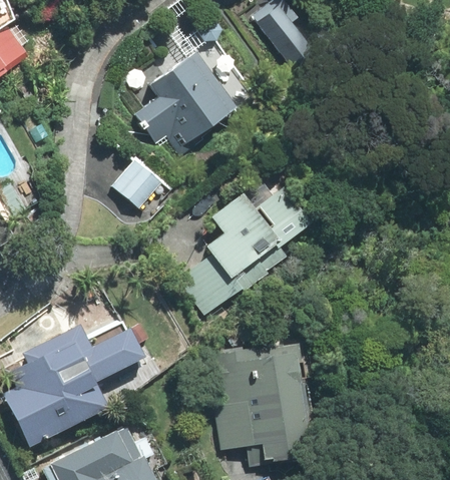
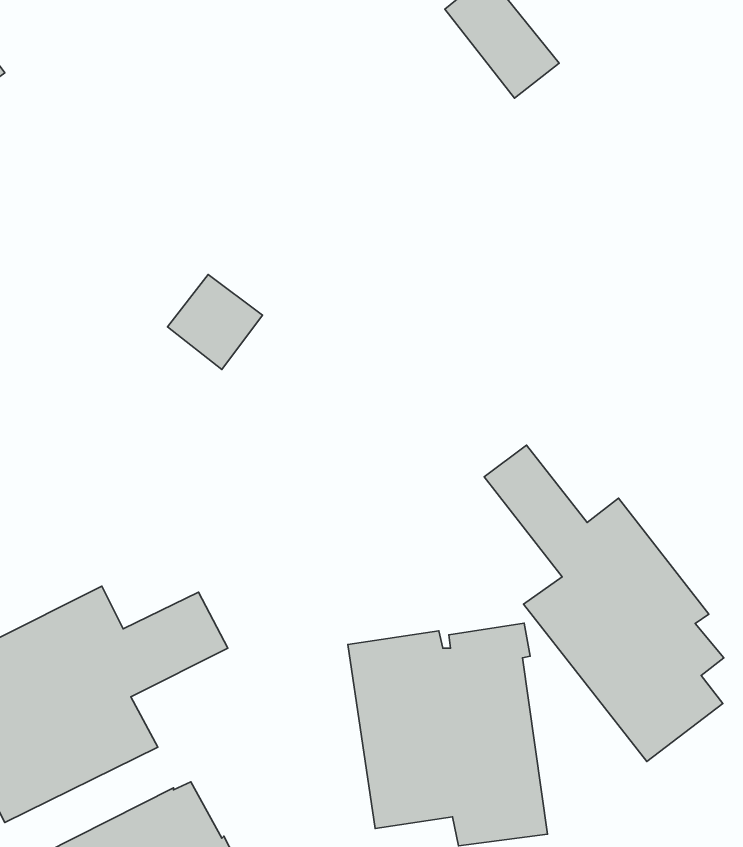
building: [135,52,239,157] -> none
building: [177,184,311,315] -> none
building: none -> [484,445,724,761]

